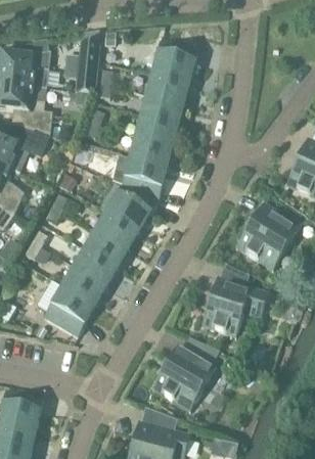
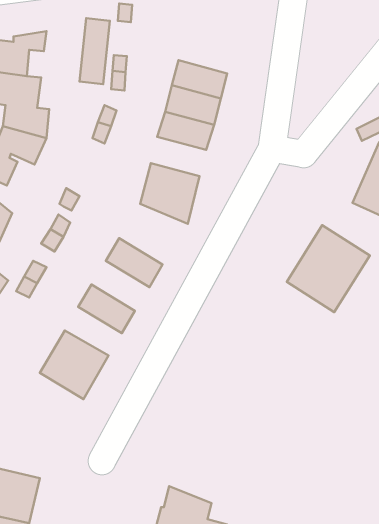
building: [150,38,197,84] -> none
building: [129,133,172,164] -> none
building: [104,185,158,232] -> none
building: [83,229,128,268] -> none
building: [200,264,267,335] -> none
building: [62,265,106,303] -> none
building: [150,342,215,410] -> none

